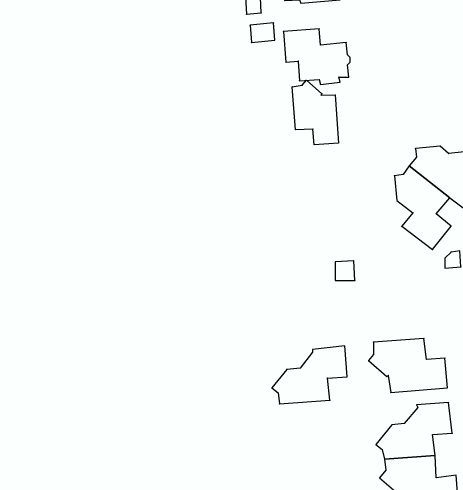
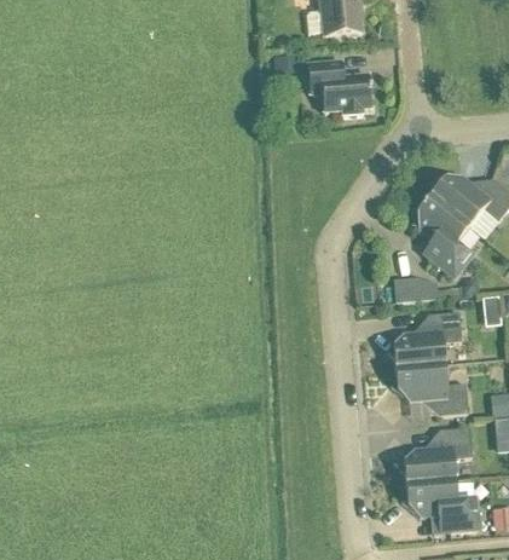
building: [292,80,338,145] -> none
building: none -> [395,276,439,301]
building: [272,346,347,404] -> [388,310,462,366]

